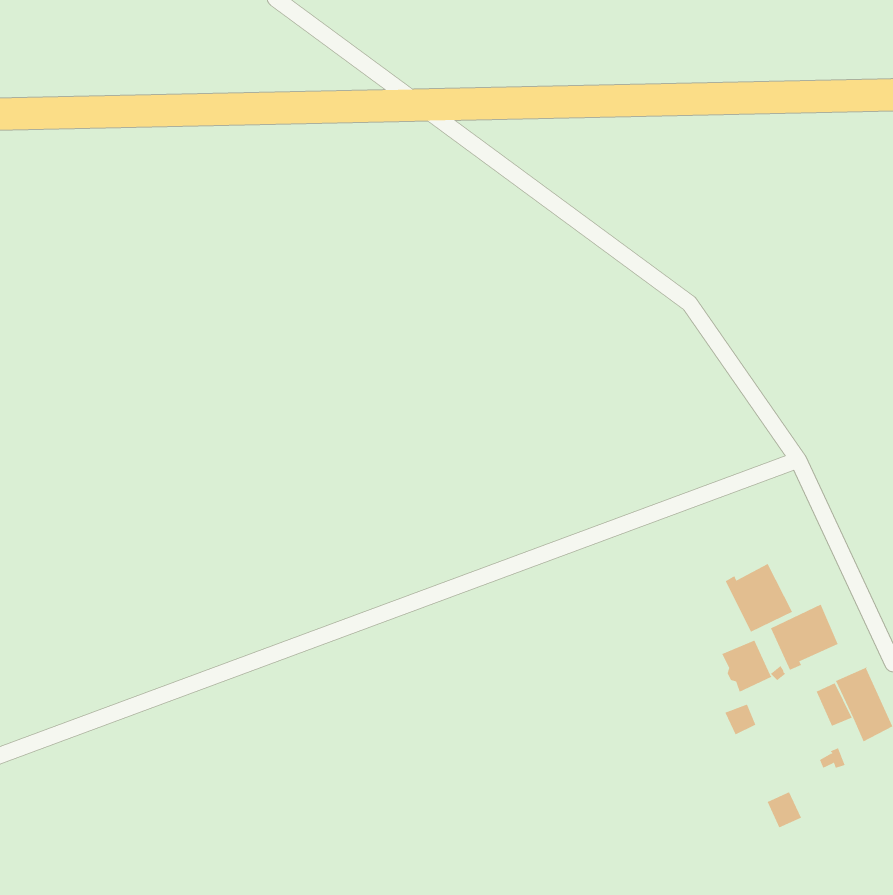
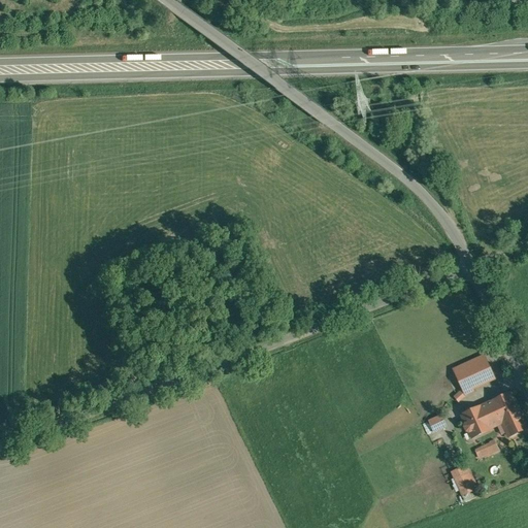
building: [725,563,793,632] -> none
building: [722,640,772,693] -> [460,406,490,437]

